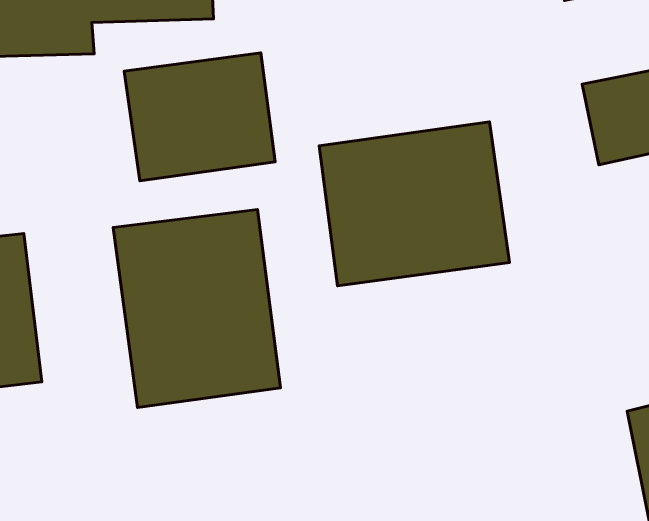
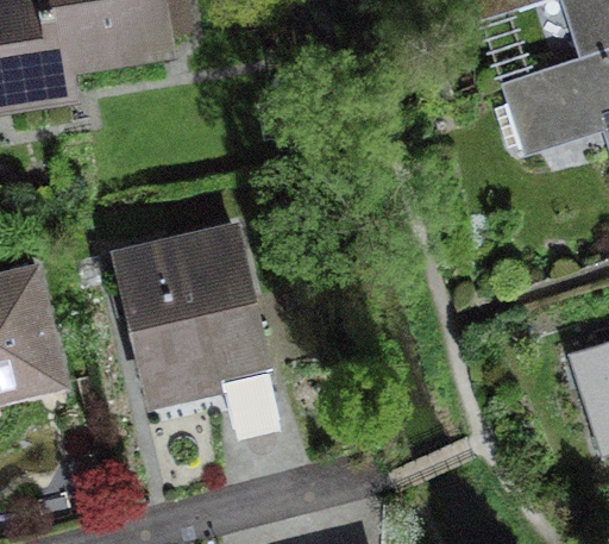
building: [124,53,275,181] -> none
building: [319,122,510,286] -> none

